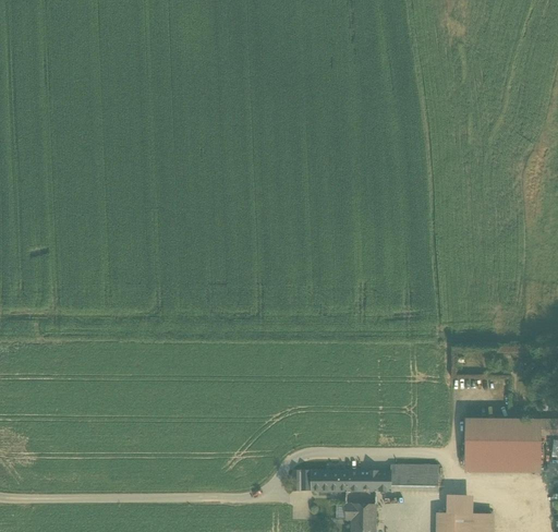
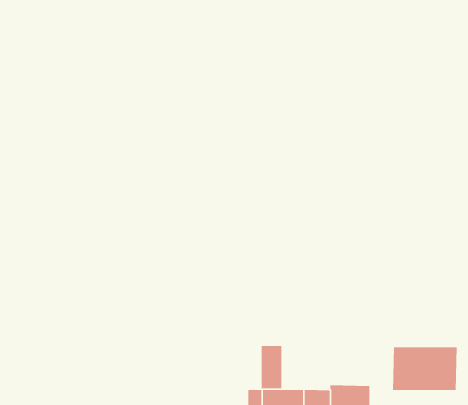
building: none -> [261,345,282,389]

